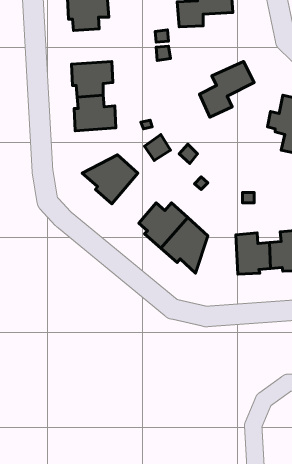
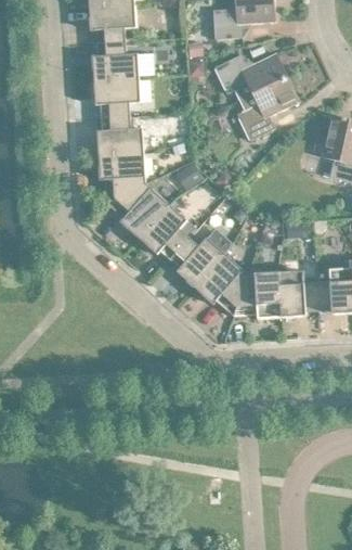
building: none -> [92,40,139,80]
building: none -> [214,52,287,93]
building: none -> [97,152,145,203]
building: none -> [139,203,188,259]
building: none -> [233,272,281,319]

